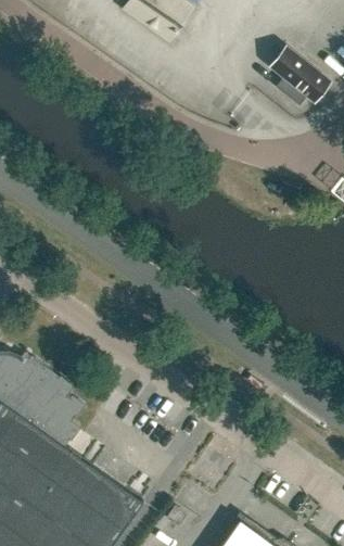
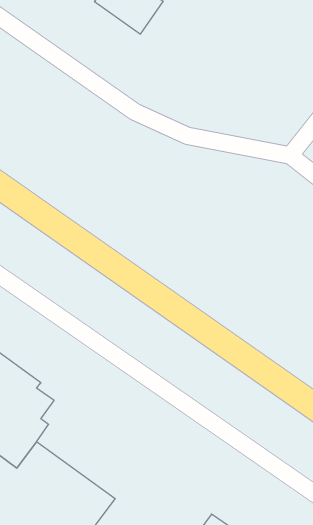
building: [271,47,329,104] -> none

